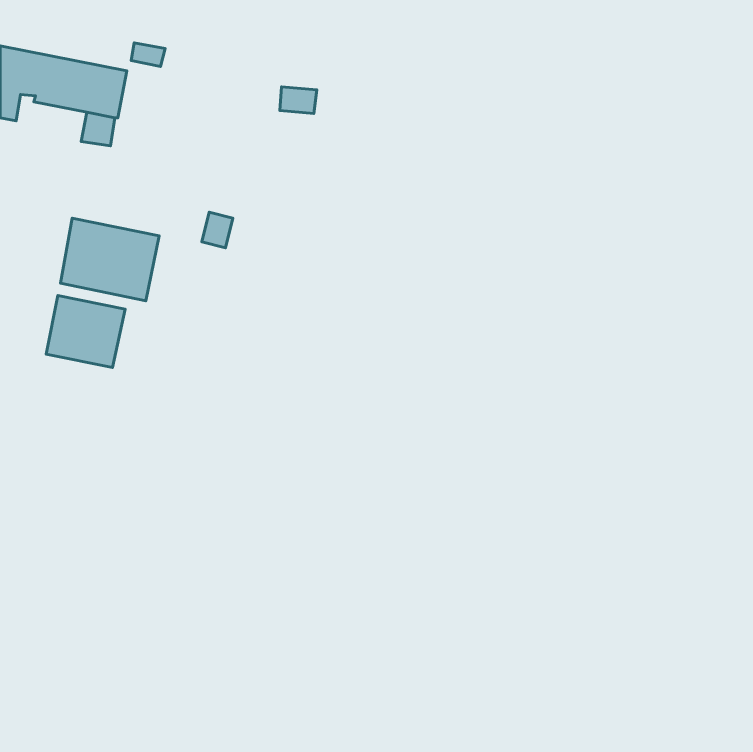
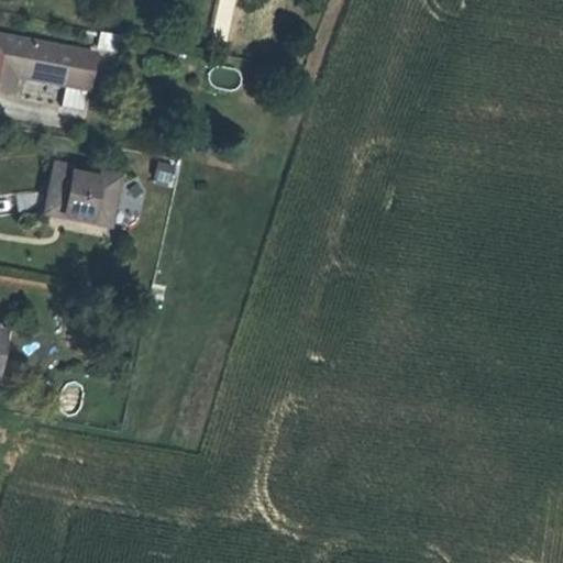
building: [46,295,125,367] -> none

